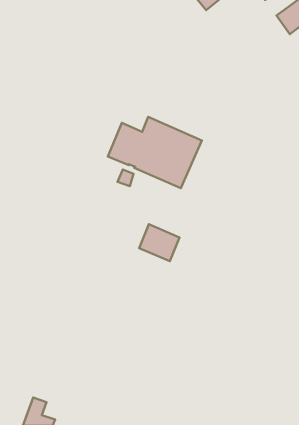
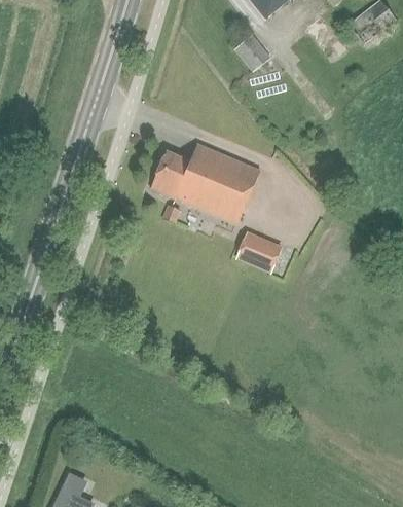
building: none -> [234,34,271,72]
building: [139,224,180,261] -> [235,230,283,274]

